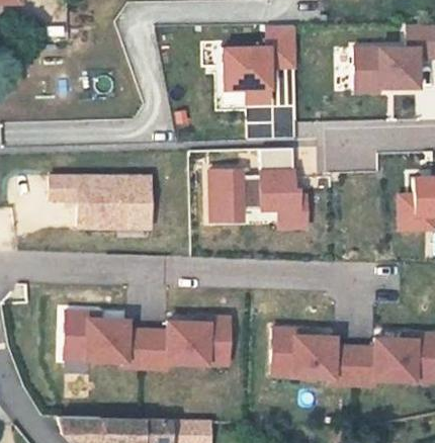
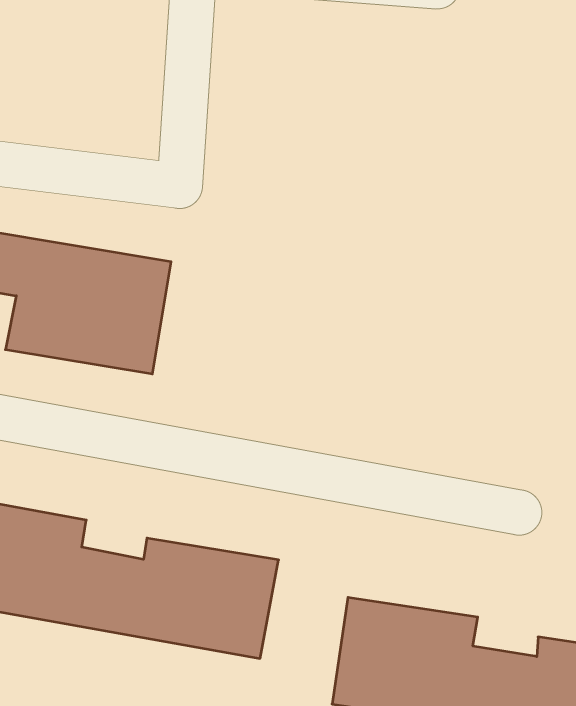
building: [218,23,296,107] -> none
building: [204,146,308,230] -> none

